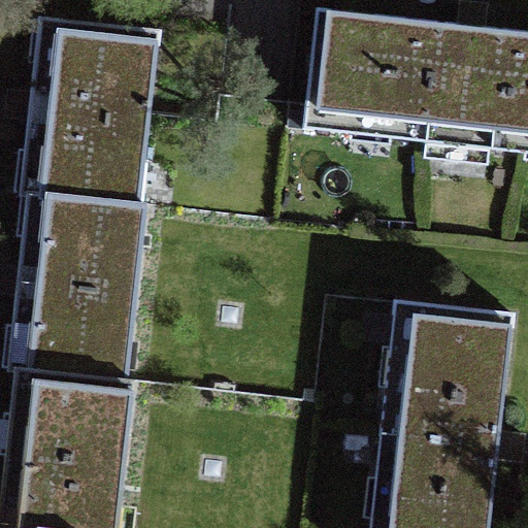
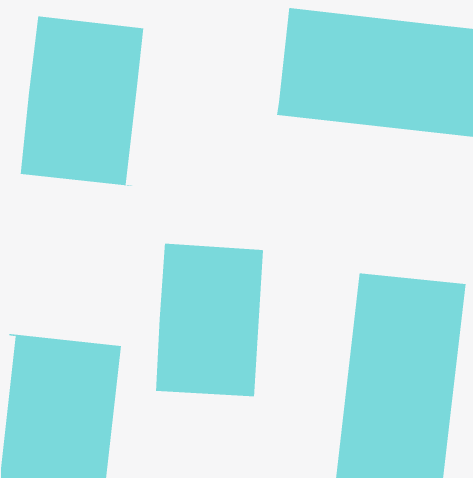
building: [15,193,153,382] -> none
building: none -> [155,243,270,397]

